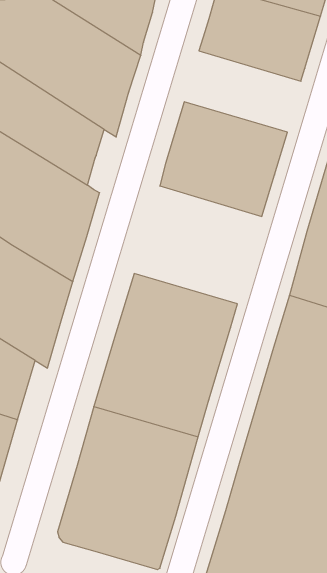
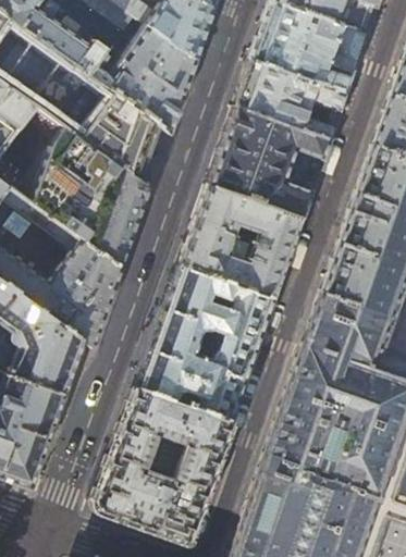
building: none -> [235,62,345,143]
building: none -> [180,186,302,300]

